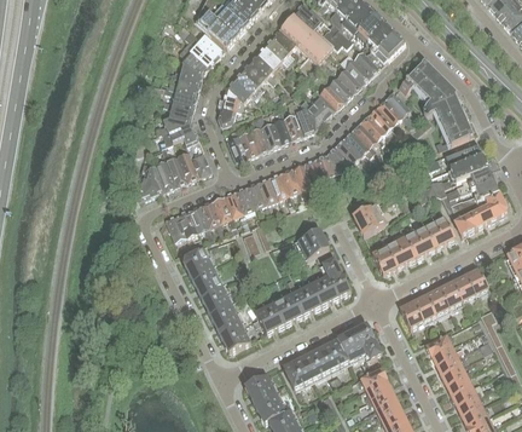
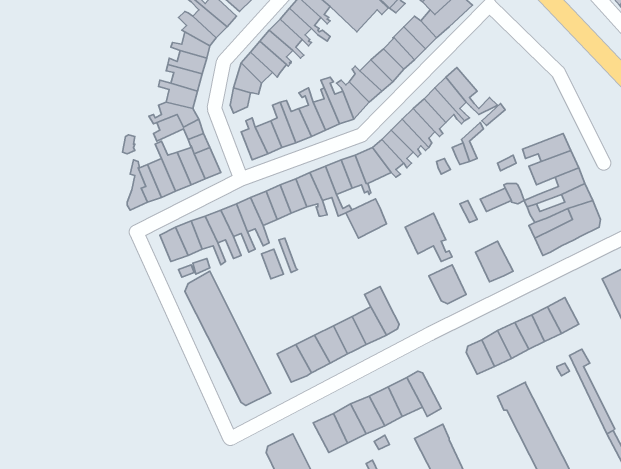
building: [399,61,472,144] -> none
building: [425,214,456,247] -> none
building: [297,229,329,259] -> [346,199,386,238]
building: [390,232,419,265] -> none

